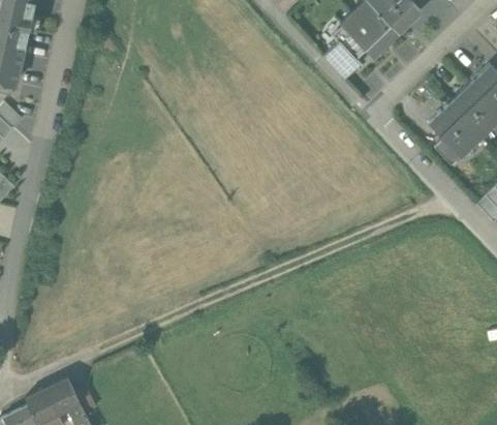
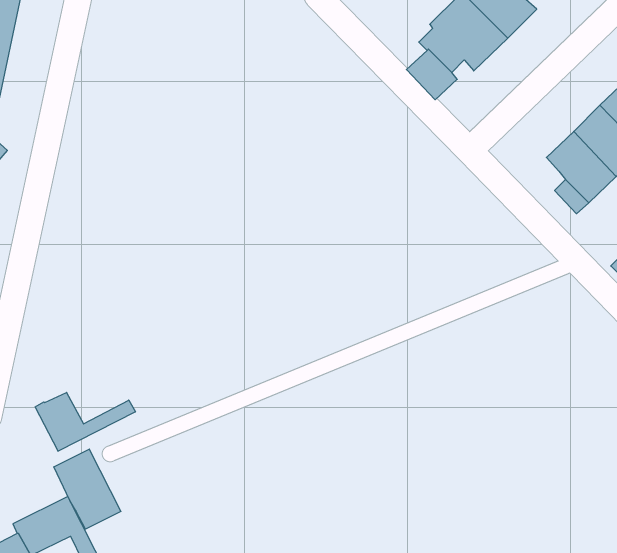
building: none -> [35,392,135,451]
building: none -> [54,449,121,529]

